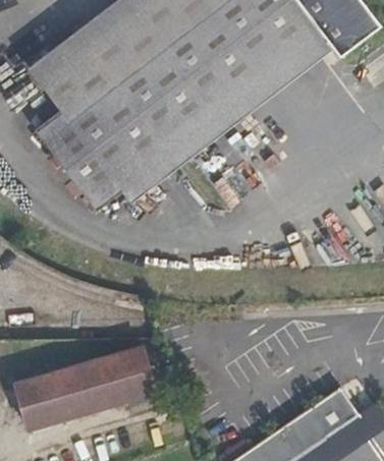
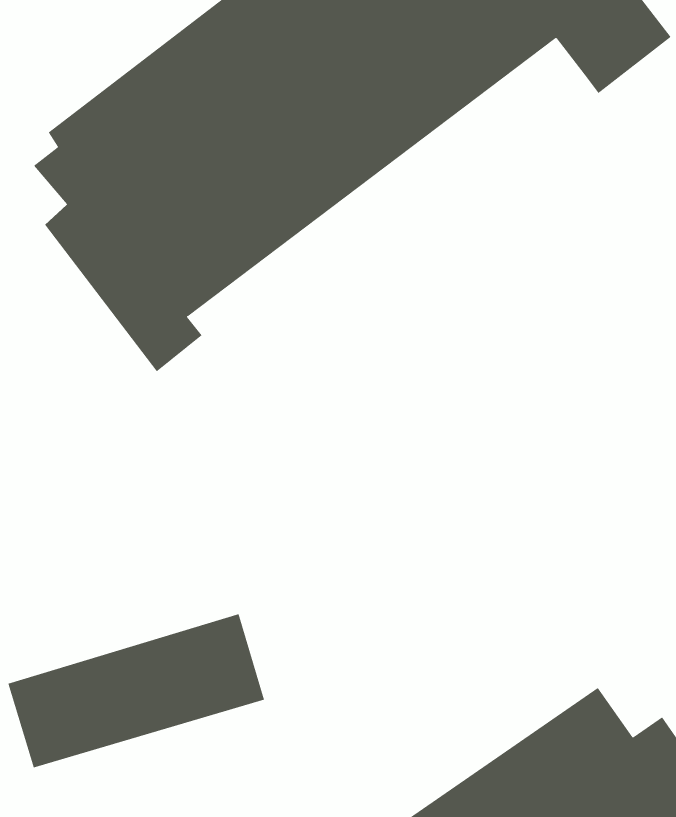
building: [112,27,333,205] -> none

